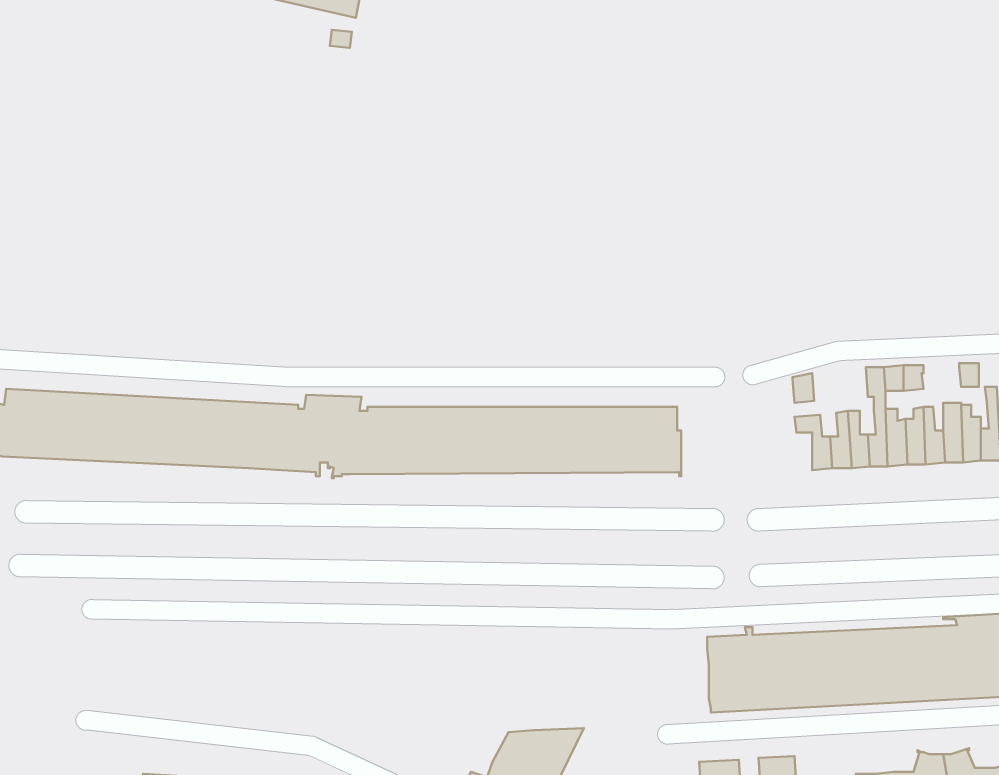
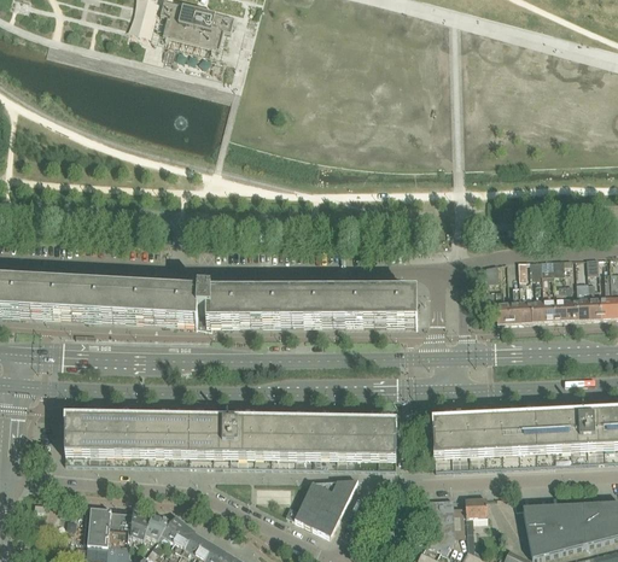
building: none -> [64,415,396,466]

